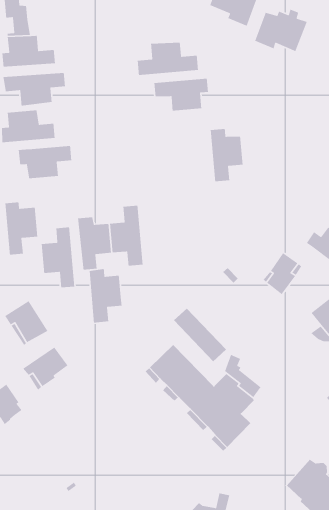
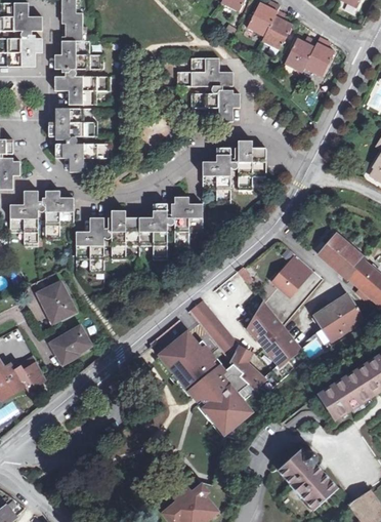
building: none -> [203,148,230,203]
building: [89,268,122,323] -> [174,196,202,245]
building: none -> [248,302,300,367]

